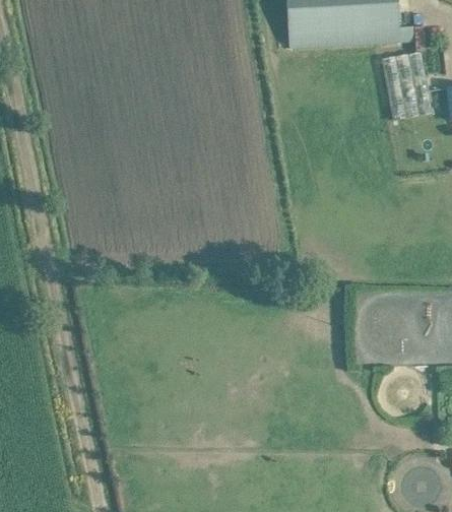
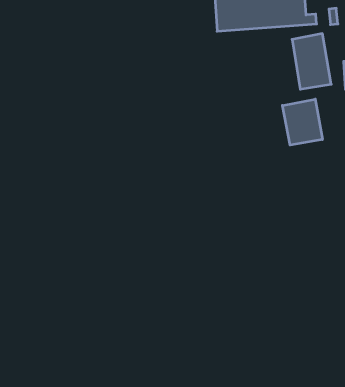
building: none -> [282,99,322,145]

